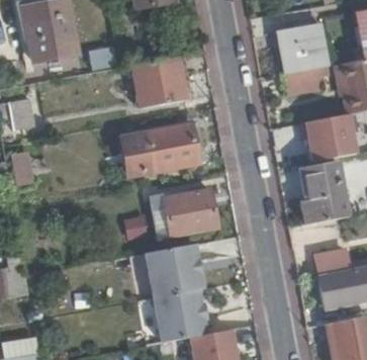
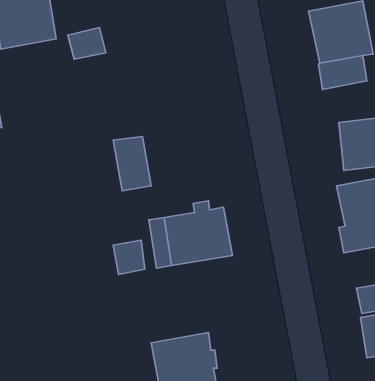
building: [131,54,193,105] -> none
building: [146,122,206,171] -> none
building: [145,244,202,296] -> none

